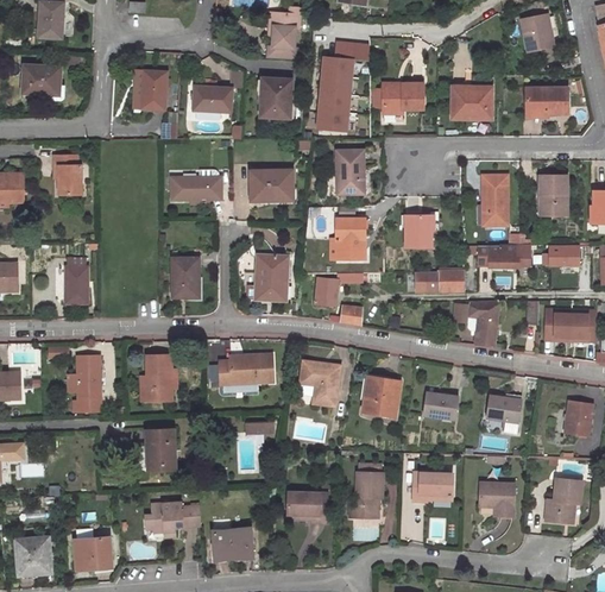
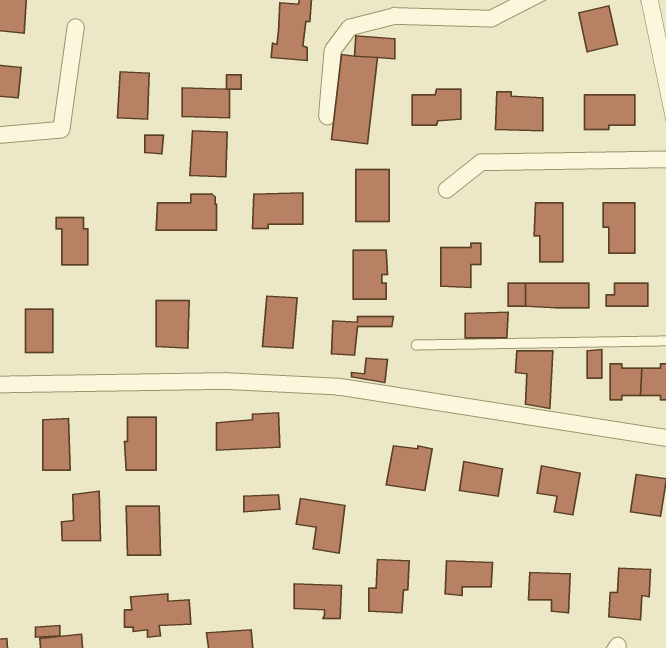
building: [259,80,290,118] -> [190,131,227,177]
building: [55,155,81,194] -> [56,217,88,265]
building: [298,360,339,405] -> [296,498,345,553]
building: none -> [61,491,101,541]

